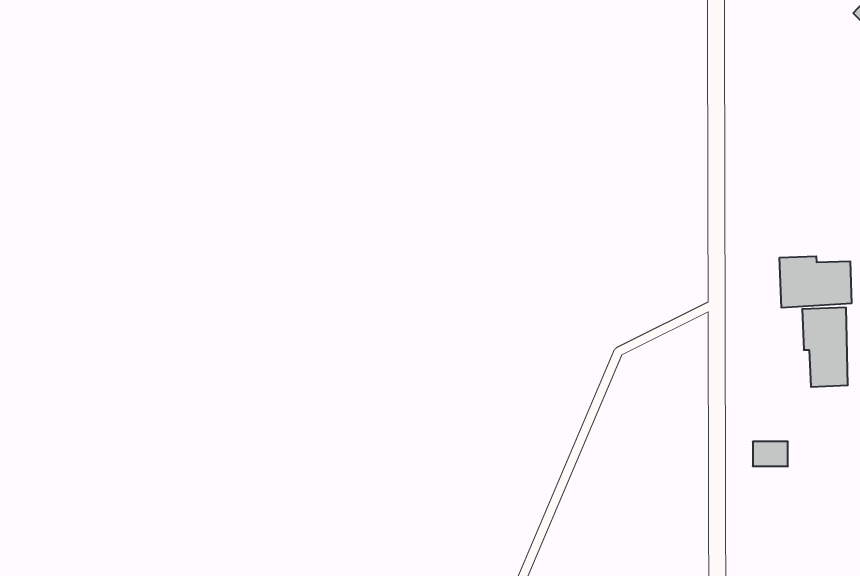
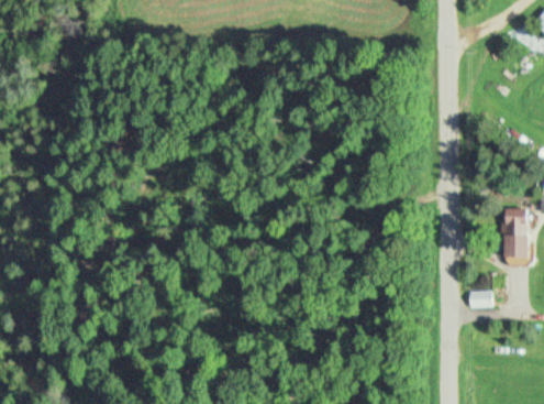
building: [780,256,851,308] -> none

